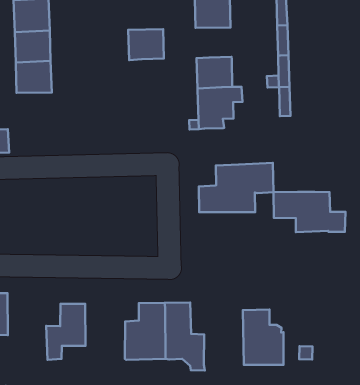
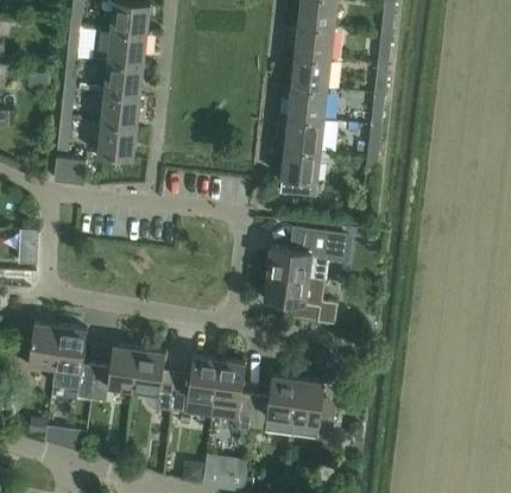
building: [128,29,164,60] -> [288,86,327,120]
building: none -> [97,125,135,160]
building: [273,192,345,232] -> [264,273,337,324]
building: none -> [52,327,95,400]
building: none -> [132,349,176,411]
building: none -> [250,375,297,435]

